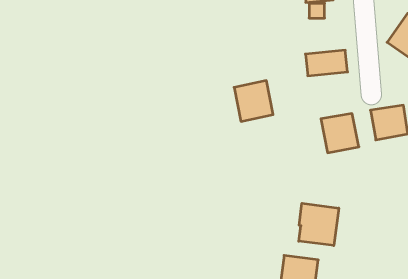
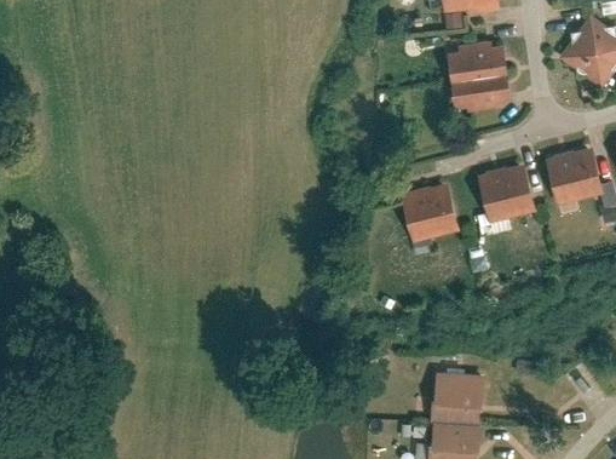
building: none -> [447,48,506,85]
building: [234,81,273,121] -> [402,180,459,240]
building: [299,203,339,246] -> none

